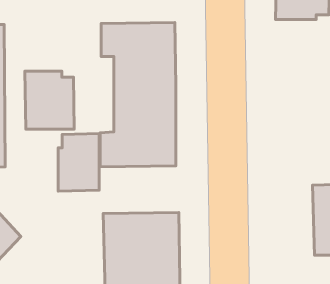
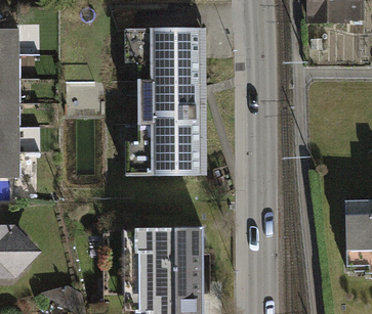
building: [25,71,74,129] -> none
building: [58,133,99,191] -> none

